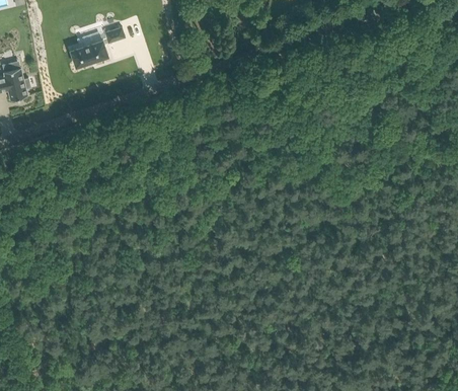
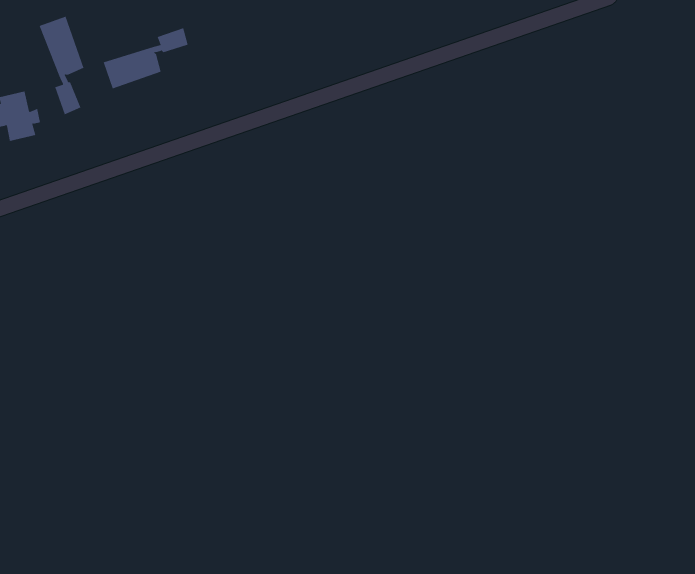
building: none -> [39,16,84,115]

